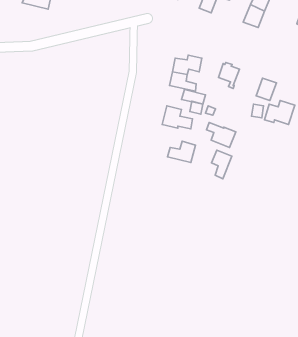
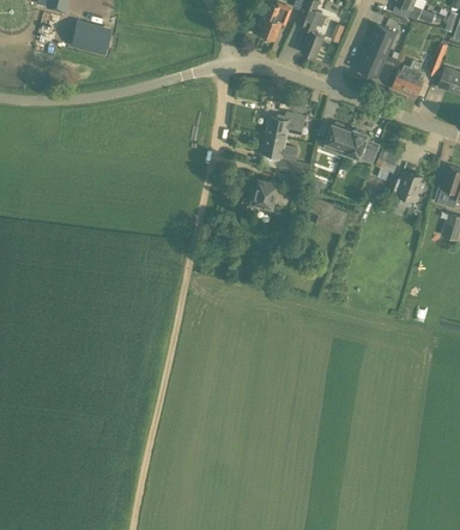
building: none -> [391,60,424,98]
building: none -> [345,128,377,163]
building: [167,141,195,163] -> none
building: [211,150,232,179] -> none

